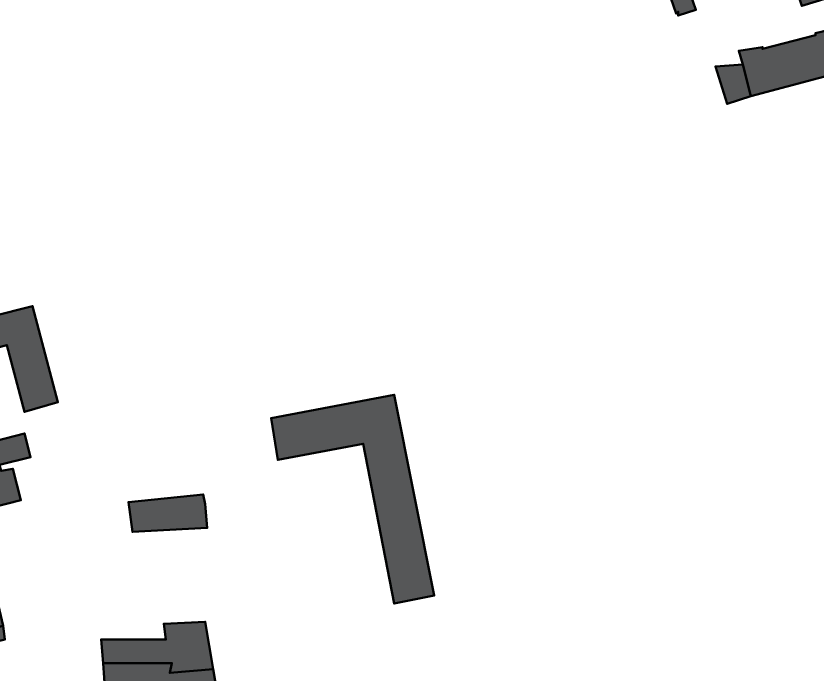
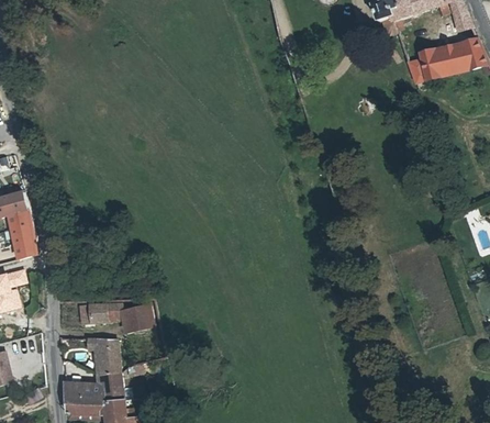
building: [271,395,434,604] -> none
building: none -> [121,301,153,332]
building: none -> [58,337,121,374]

